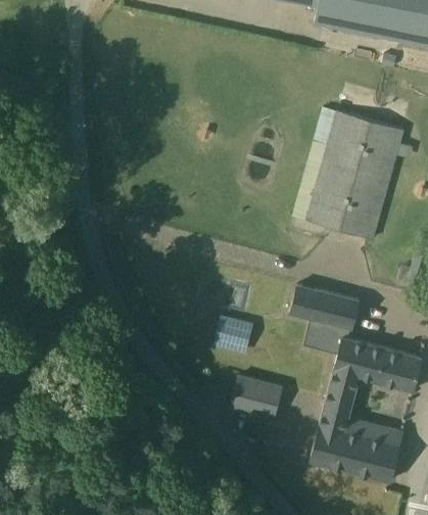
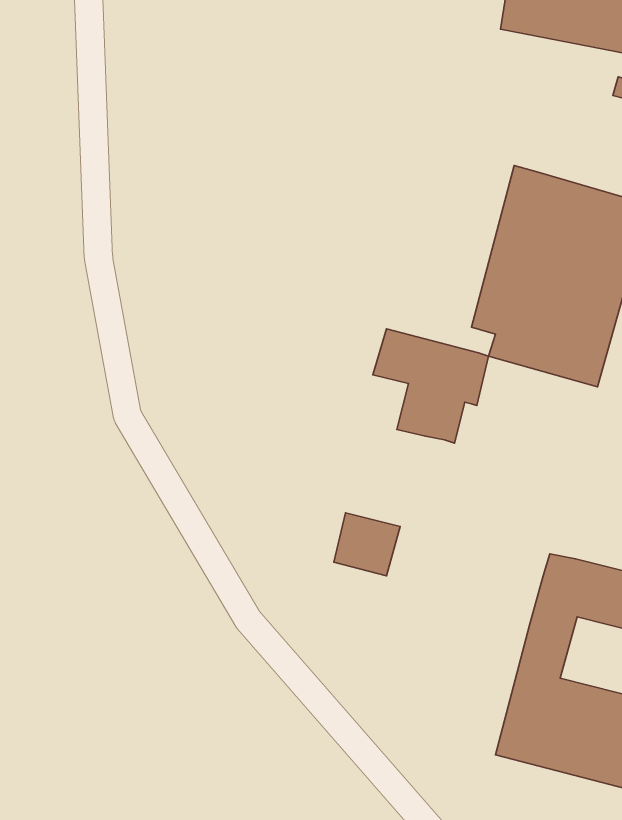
building: [290,284,360,353] -> [373,329,489,443]
building: [230,374,284,419] -> none

